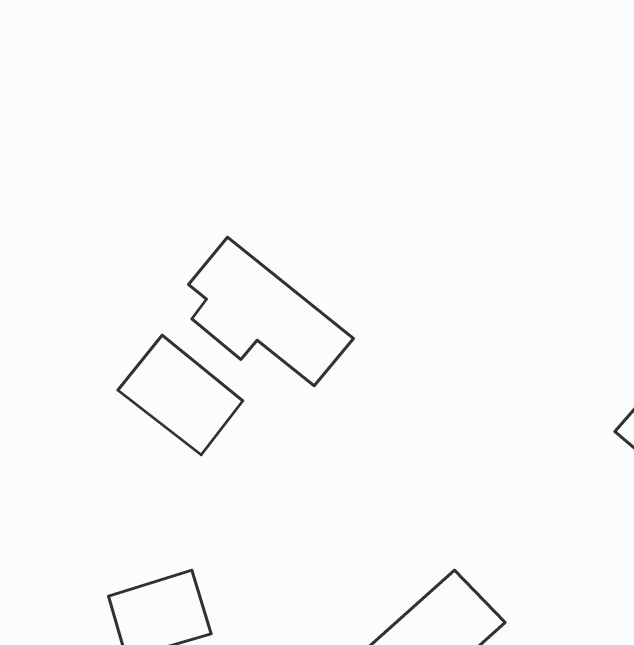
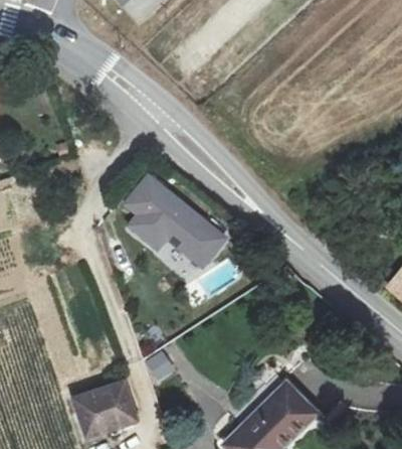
building: [118,335,243,455] -> none

